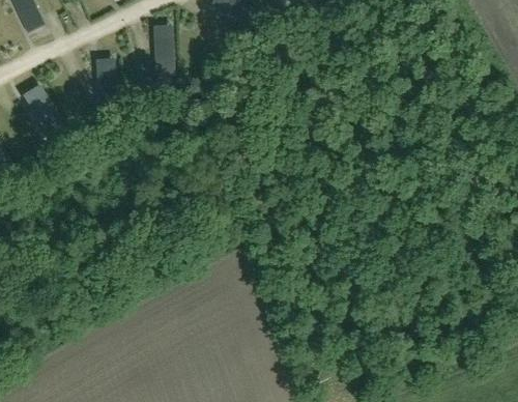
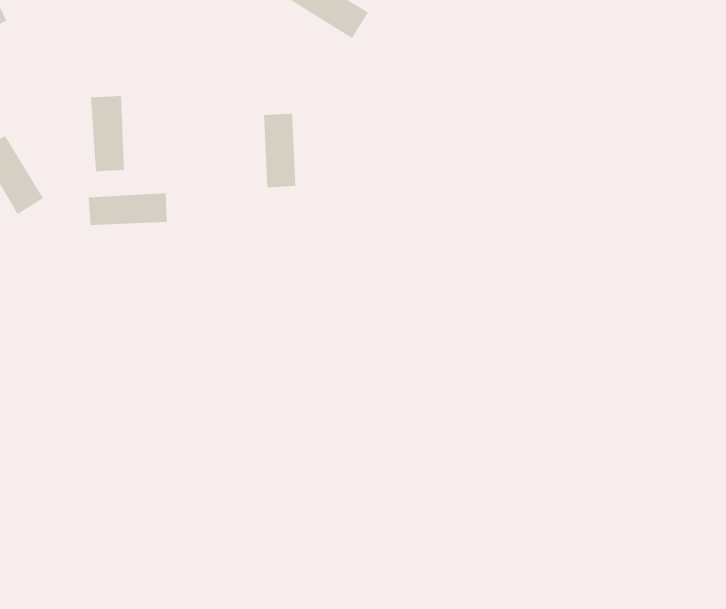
building: [151,31,172,78] -> [263,113,296,188]
building: none -> [88,193,167,226]

